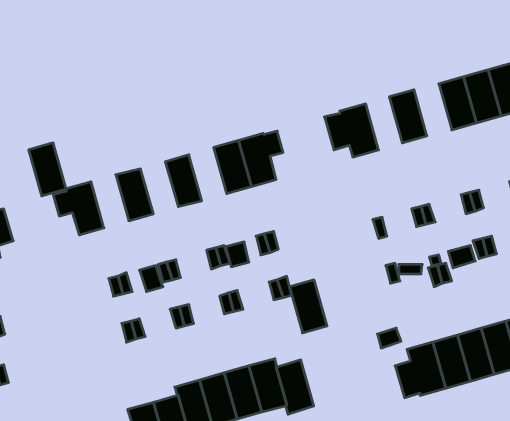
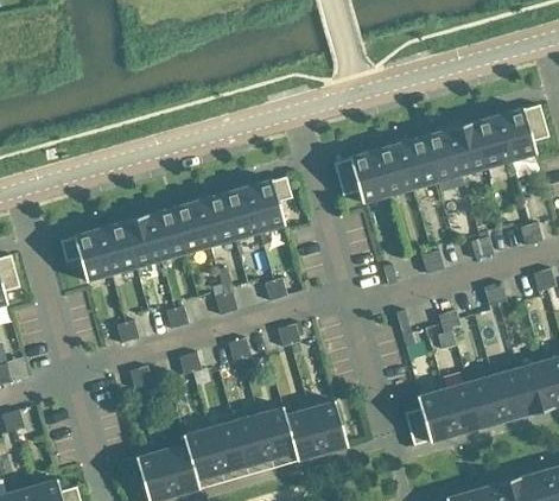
building: none -> [424,129,462,182]
building: none -> [375,142,412,196]
building: [29,143,66,196] -> [99,221,136,274]
building: none -> [197,194,235,247]
building: none -> [148,208,186,260]
building: [289,280,327,333] -> [310,400,348,454]

